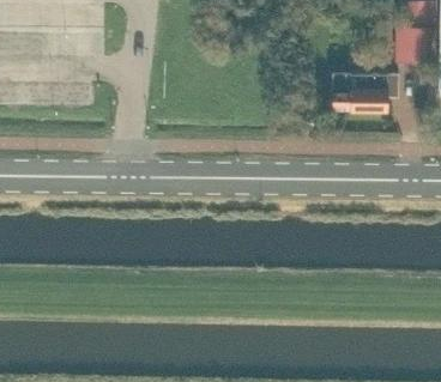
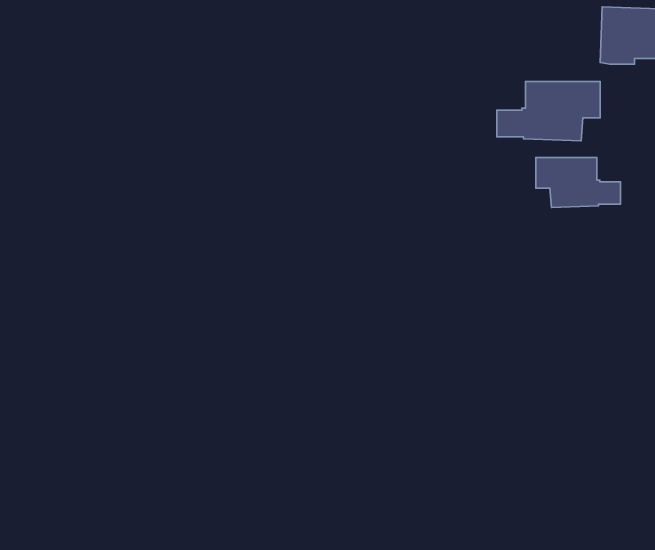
building: none -> [536,157,620,208]

